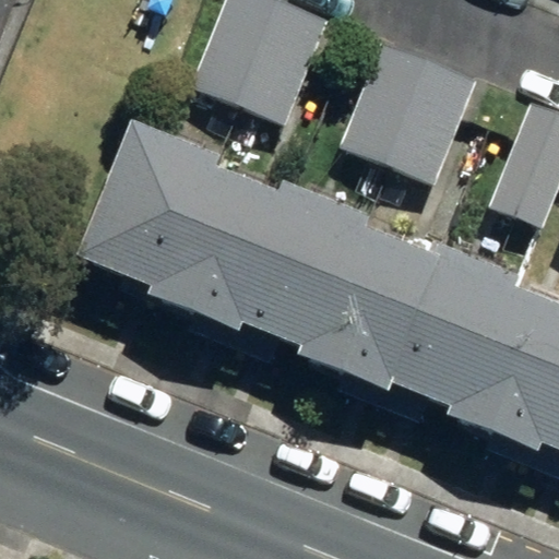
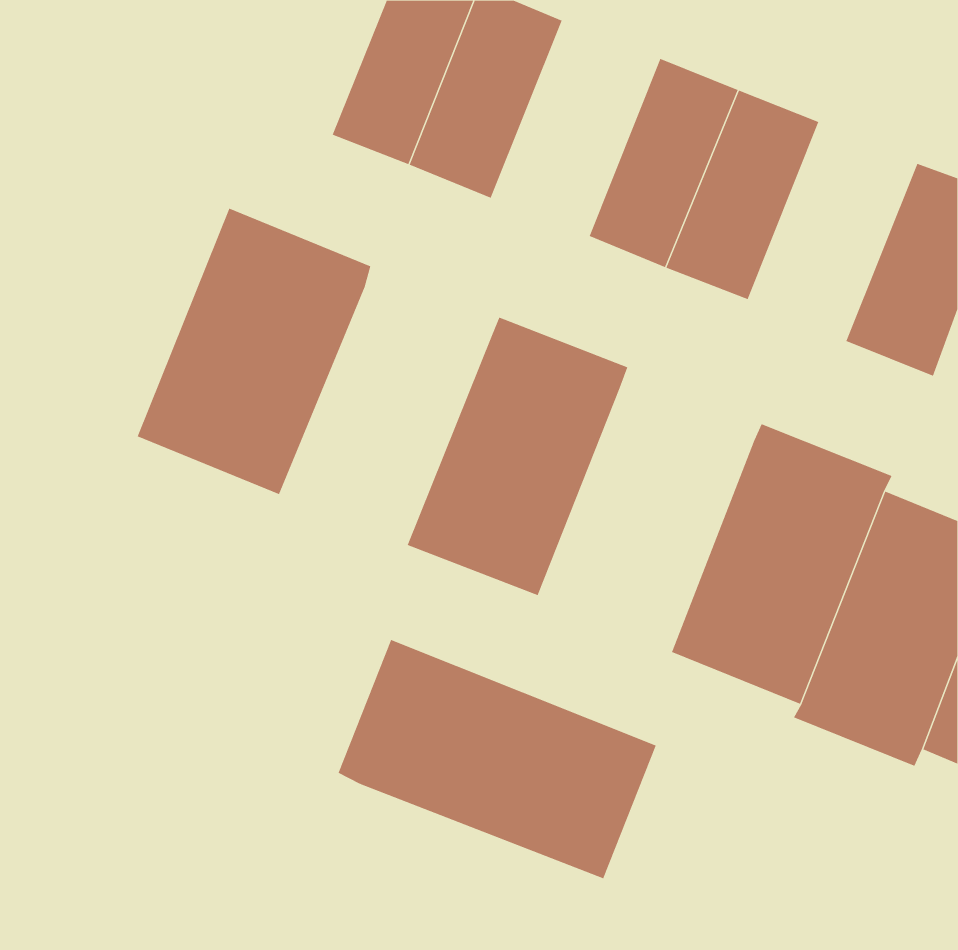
building: [158,171,286,331] -> none
building: [309,230,439,392] -> none
building: none -> [338,639,657,879]

